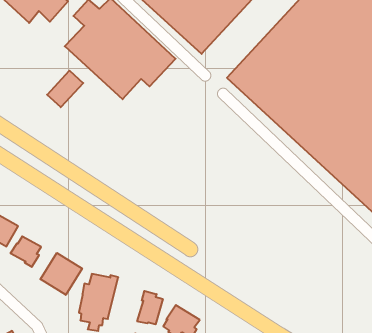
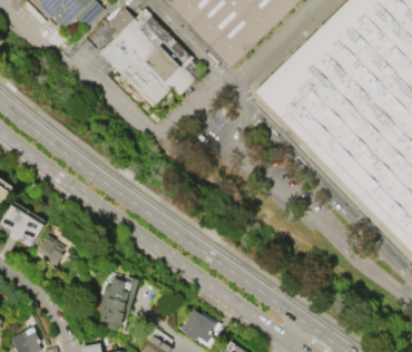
building: [47,71,83,107] -> none
building: [40,253,82,295] -> none
building: [137,291,163,324] -> none

